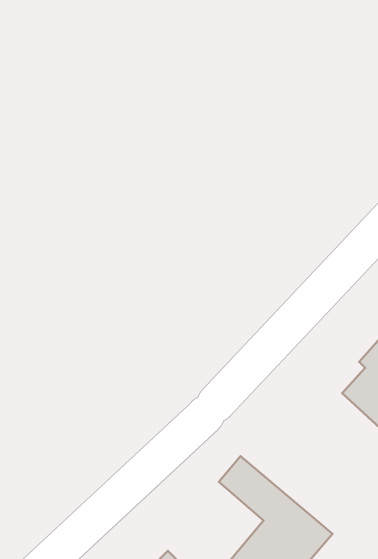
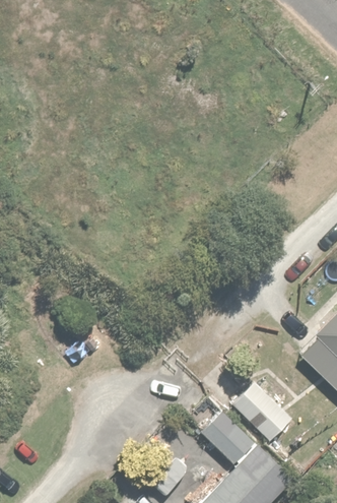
building: none -> [230,383,292,445]

